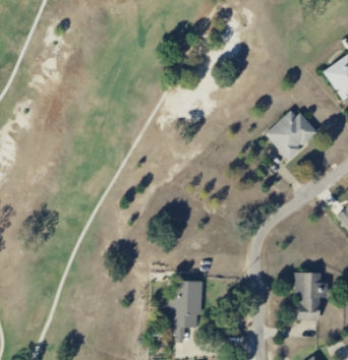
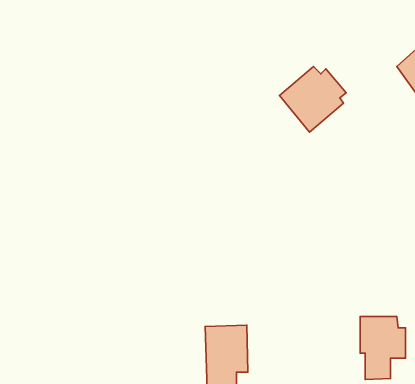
building: [264,110,317,163] -> [279,66,346,132]

